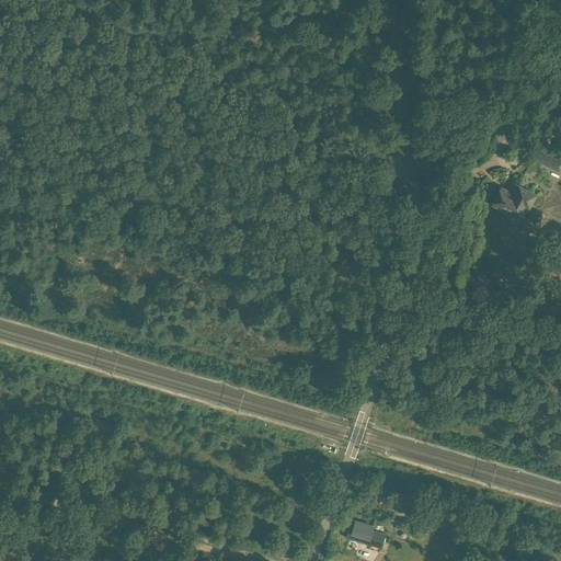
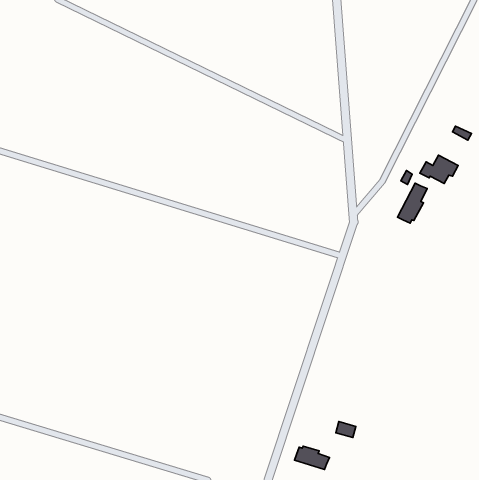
building: none -> [397,183,427,223]

